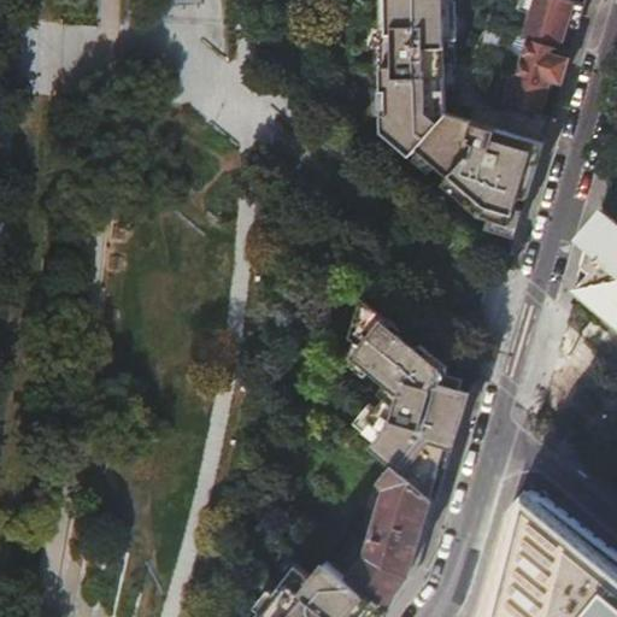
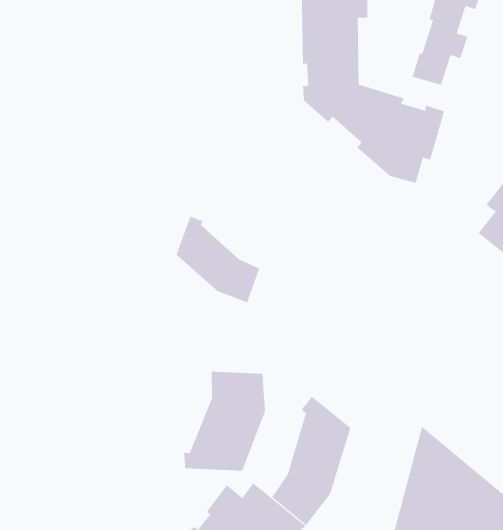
building: none -> [176,216,260,303]
building: [347,296,465,500] -> none
building: none -> [184,371,266,471]

